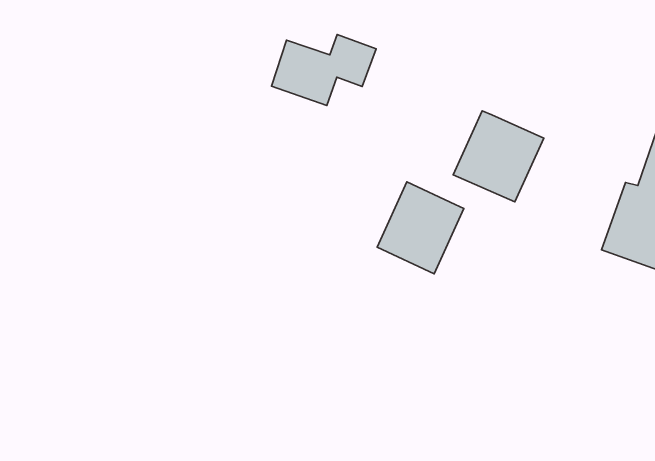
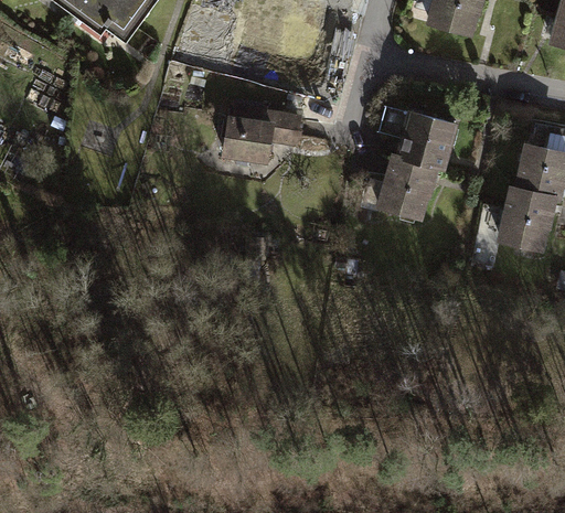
building: none -> [395,106,456,165]
building: [377,182,464,274] -> none

